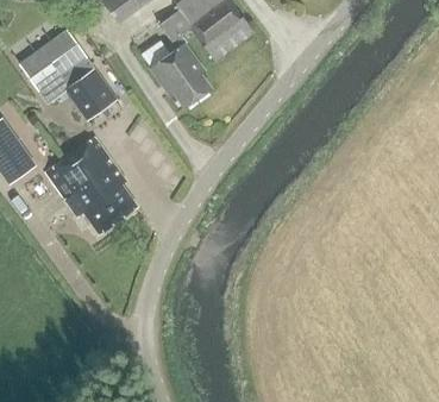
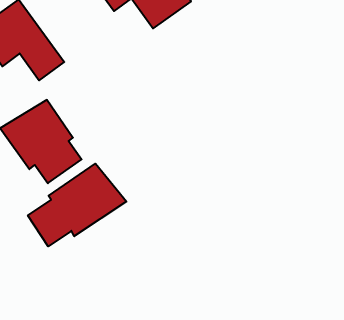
building: [149,43,211,107] -> none
building: none -> [28,164,126,246]

